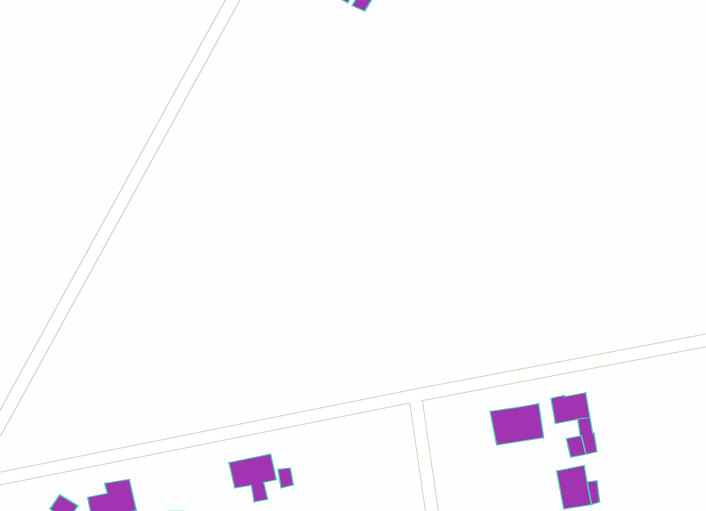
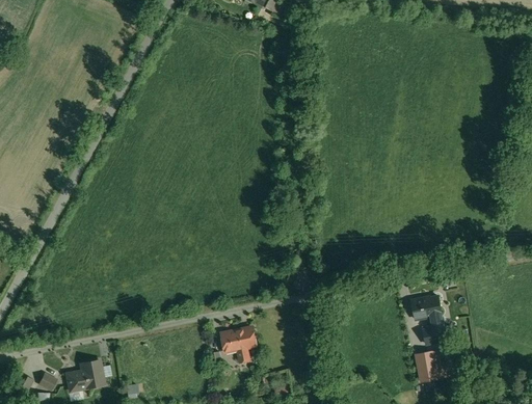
building: [490,403,543,445] -> none
building: [229,454,276,502] -> [219,327,255,362]

